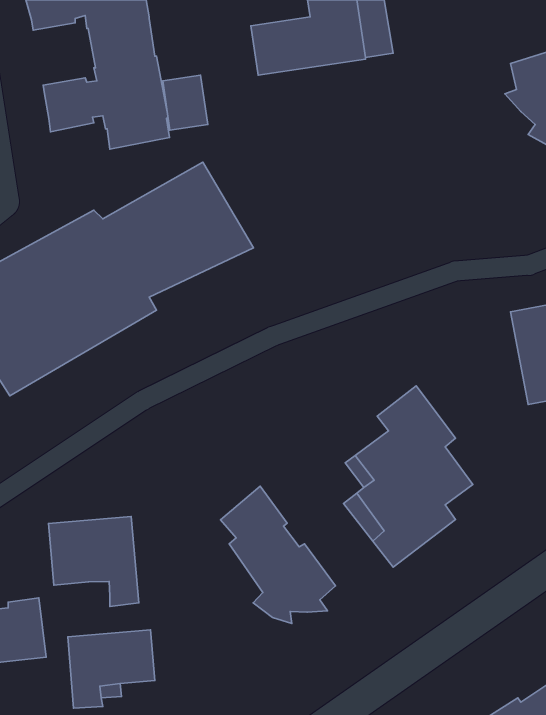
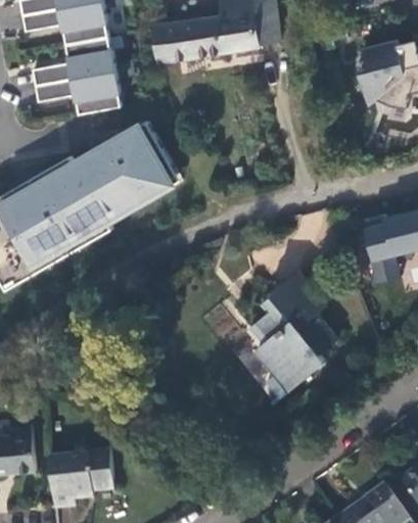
building: [163,75,208,130] -> [151,25,183,63]
building: [221,486,336,623] -> none
building: [49,517,139,607] -> none

